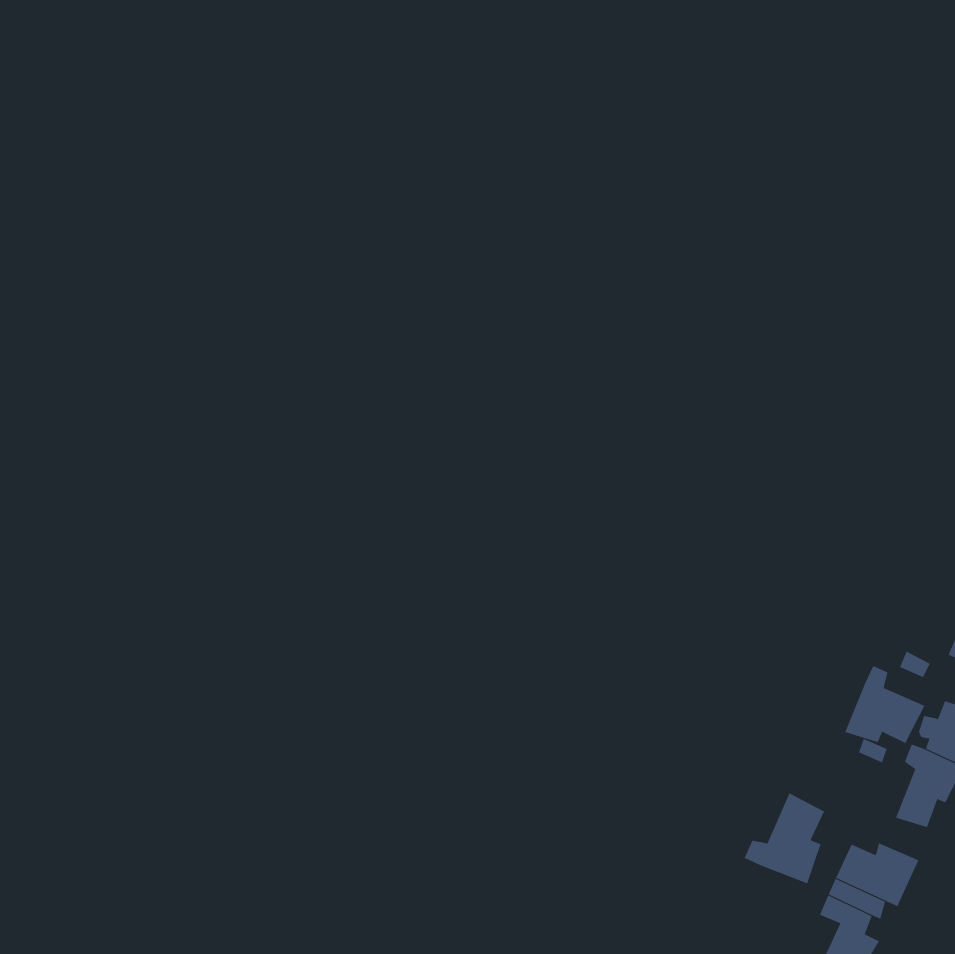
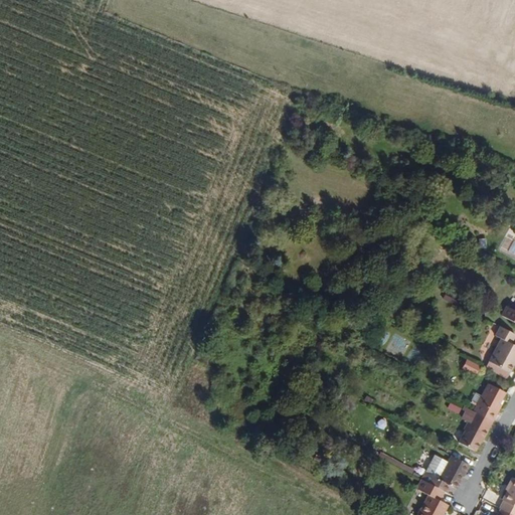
building: [844,665,925,744] -> none
building: [744,793,825,884] -> none

